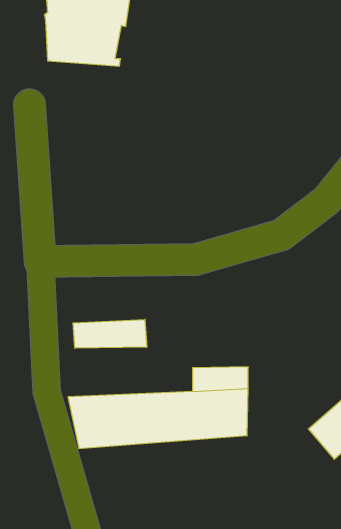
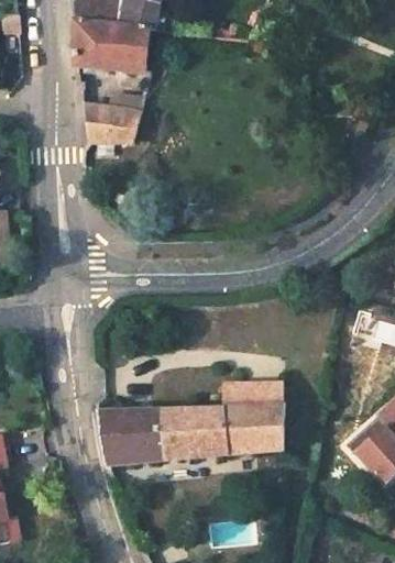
building: none -> [83,106,139,141]
building: [73,319,147,348] -> none

